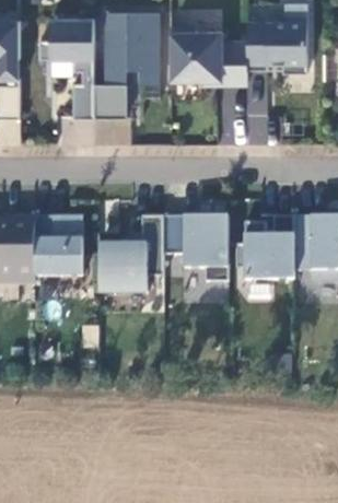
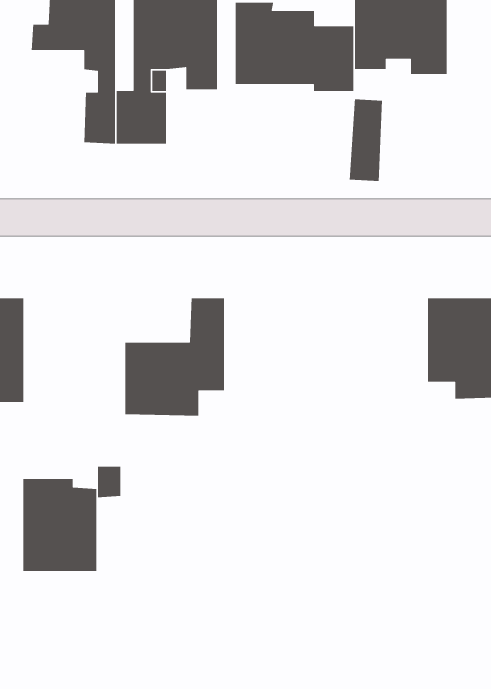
building: [34,217,82,277] -> [22,478,97,572]
building: [163,217,228,282] -> none
building: [235,217,293,281] -> none

